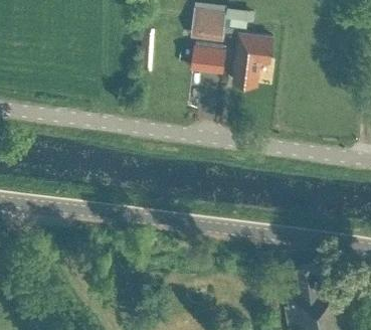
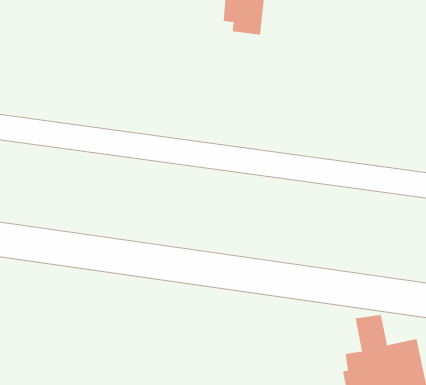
building: [233,34,272,86] -> none
building: [191,46,225,73] -> none

